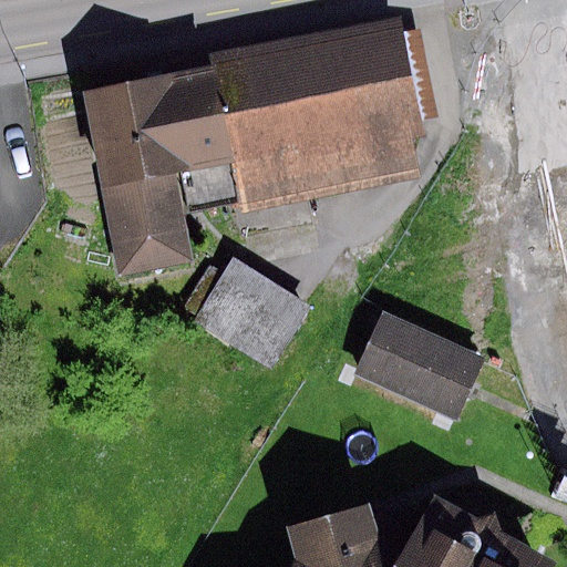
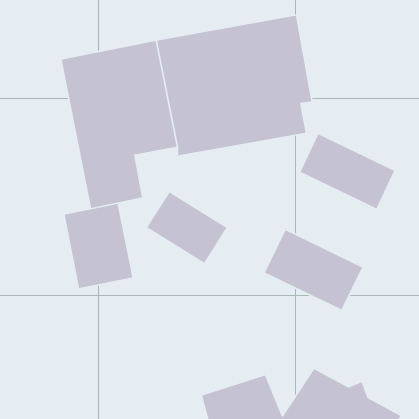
building: none -> [300,133,395,210]
building: none -> [64,203,133,289]

